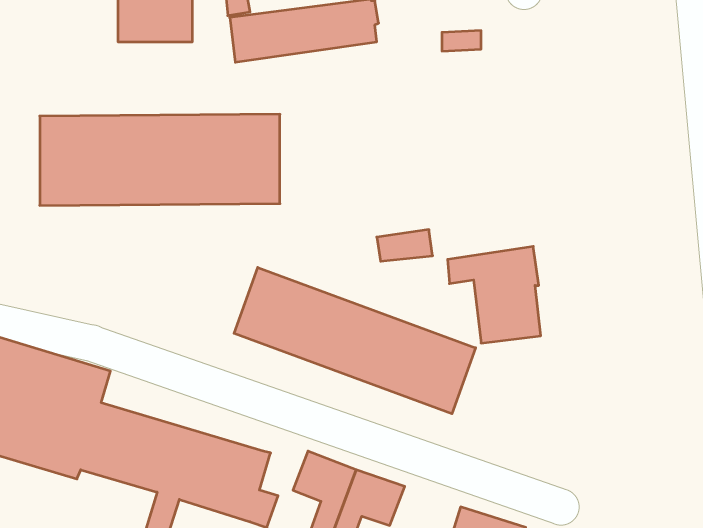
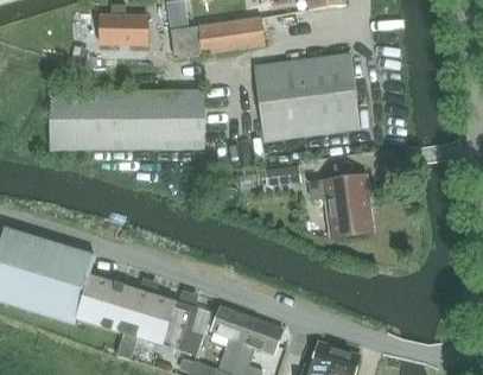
building: none -> [255,53,358,141]
building: [234,267,476,414] -> none

